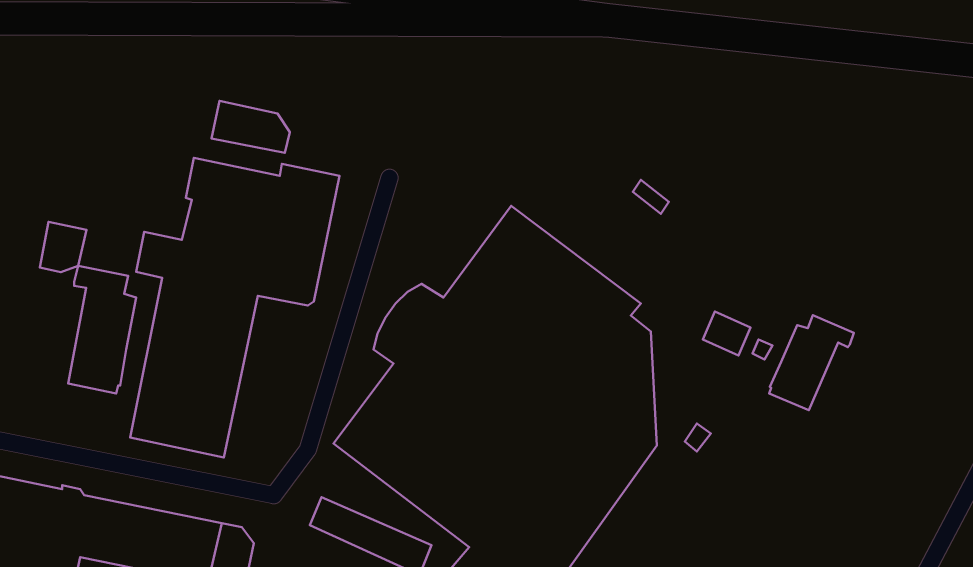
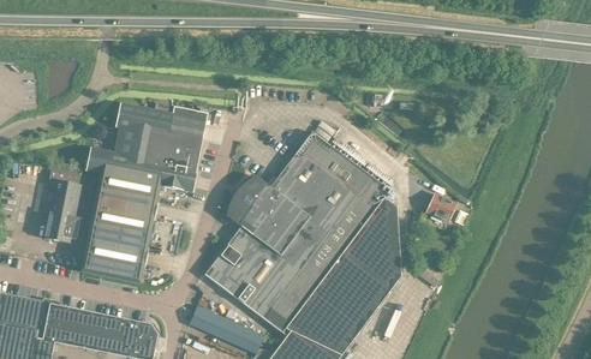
building: [212,101,290,153] -> none
building: [40,222,86,272] -> none
building: [769,315,854,410] -> none

